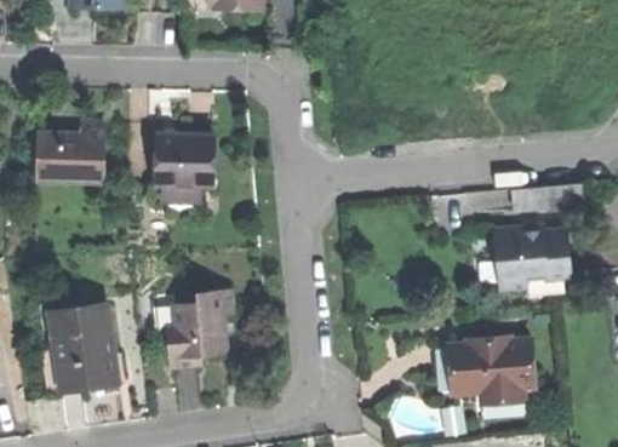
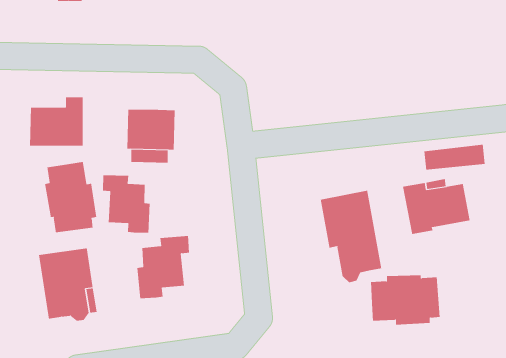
building: none -> [44,161,97,233]
building: none -> [103,175,150,234]
building: none -> [320,190,382,283]

